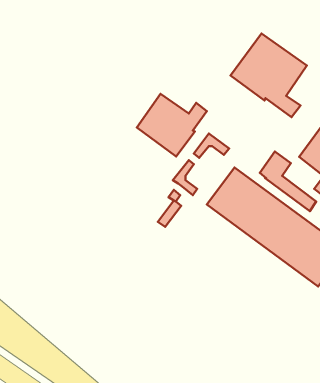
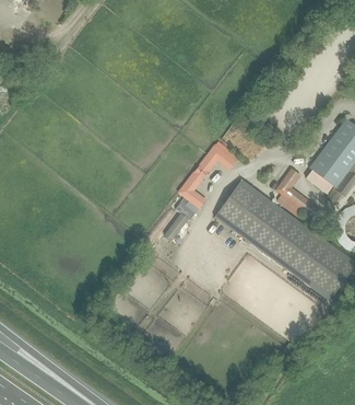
building: [231,34,307,117] -> none
building: [137,94,207,157] -> none

